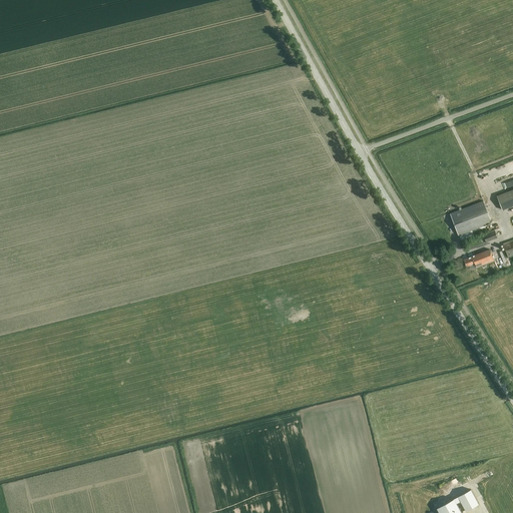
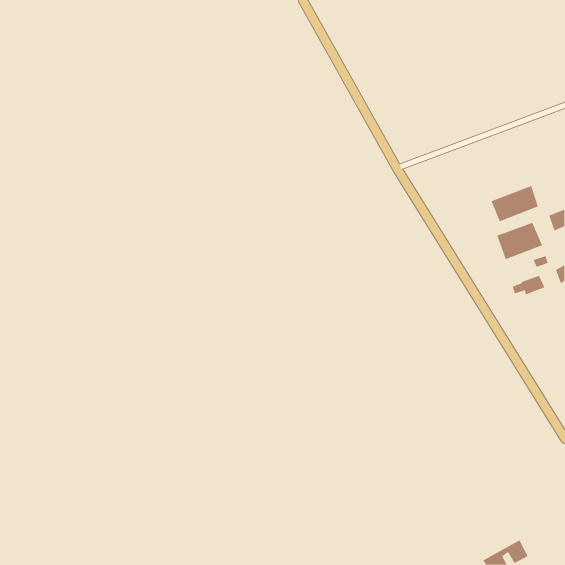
building: none -> [491,185,539,222]

